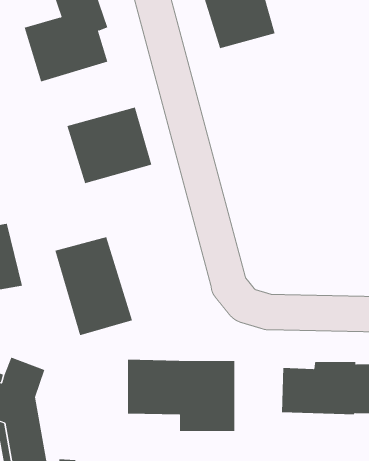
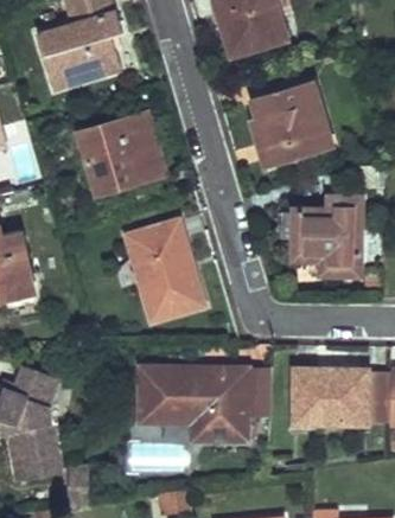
building: none -> [250,83,331,161]
building: none -> [293,196,363,275]
building: [55,236,133,336] -> [126,222,204,321]
building: none -> [247,369,270,417]

